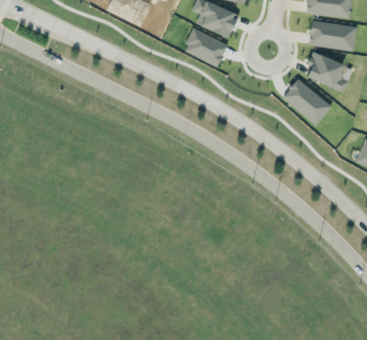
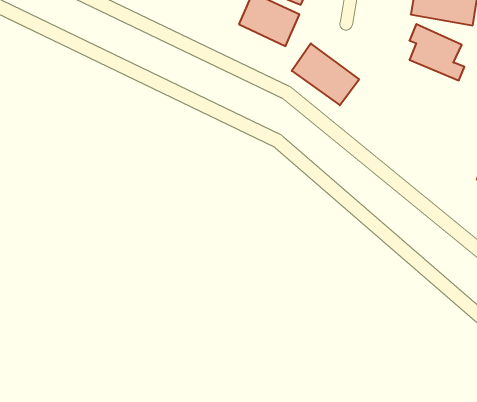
building: [283,79,332,124] -> [292,43,359,105]

